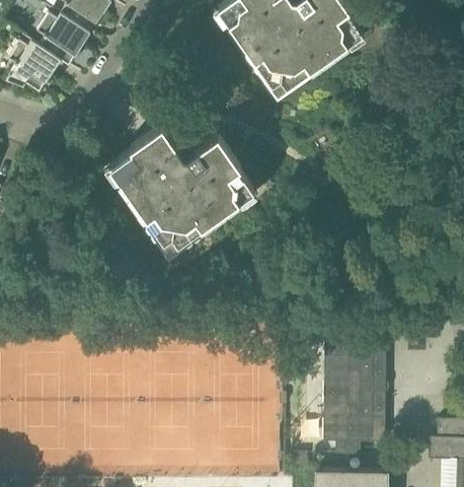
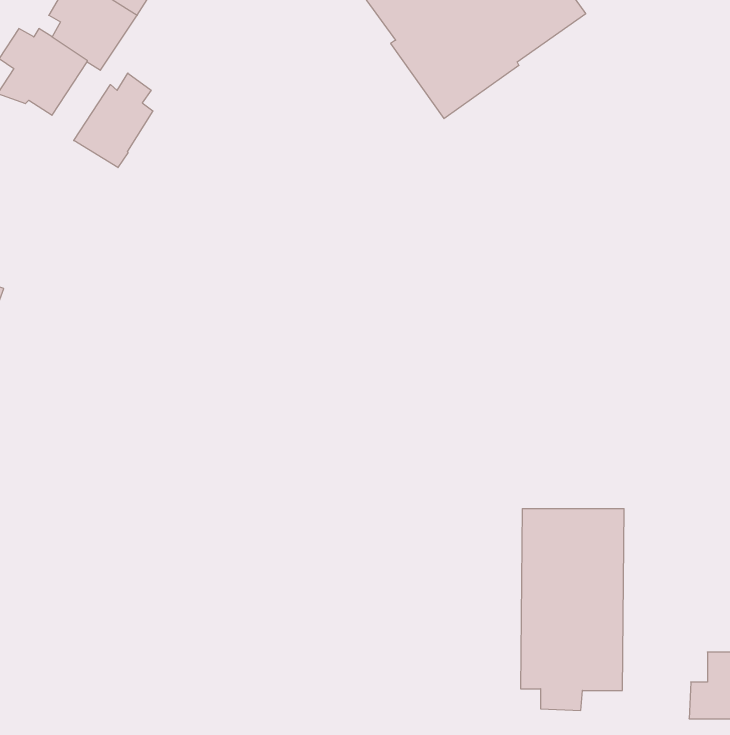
building: none -> [74,73,153,168]
building: [108,126,254,254] -> none

